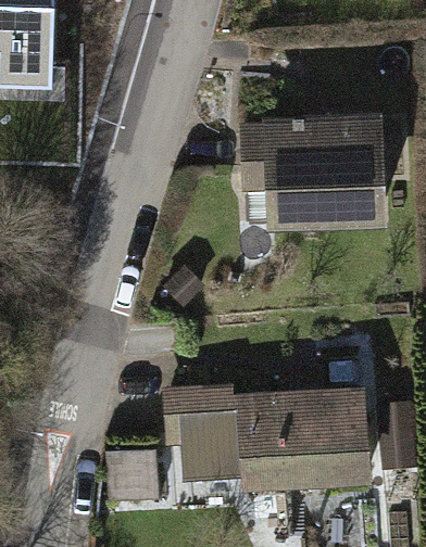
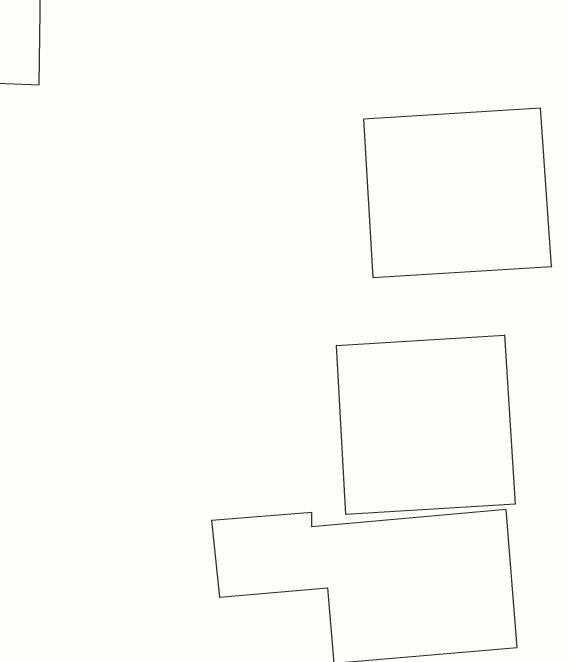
building: none -> [337,335,515,514]

